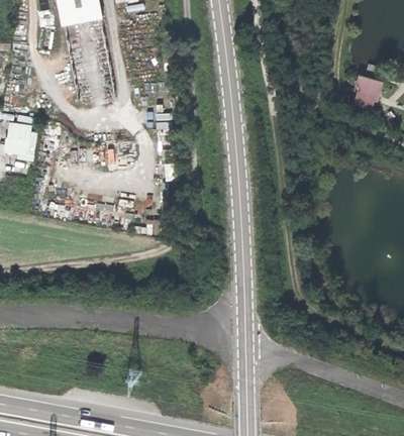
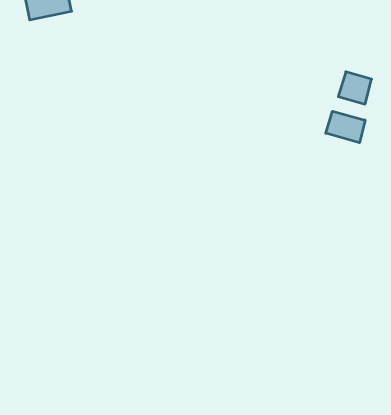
building: none -> [326,111,365,143]

